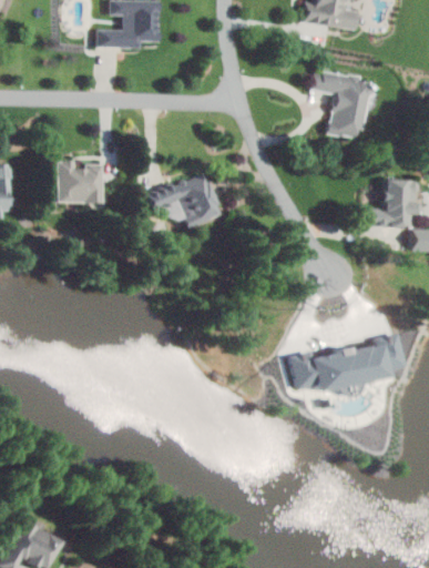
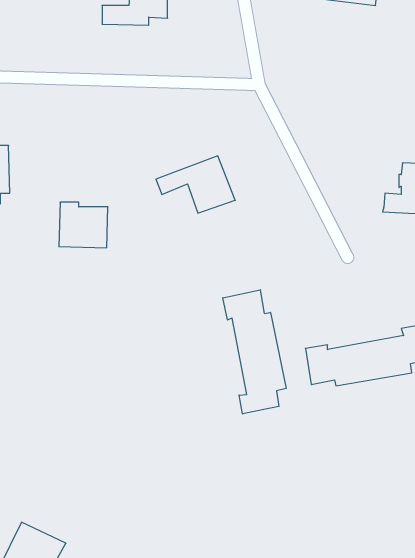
building: [313,71,369,138] -> none
building: [55,160,102,203] -> [59,202,108,248]
building: none -> [223,290,286,414]

